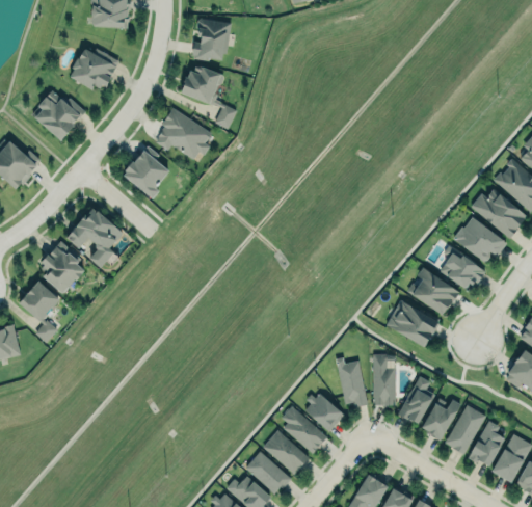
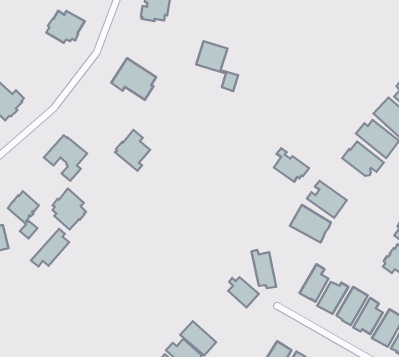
building: [183,65,237,130] -> [196,41,238,91]
building: [31,90,86,140] -> none
building: [124,145,169,198] -> [115,130,150,171]
building: [42,241,85,294] -> [53,189,86,229]
building: [440,246,485,290] -> [274,148,309,182]
building: none -> [31,229,69,266]
building: [373,354,396,405] -> none
building: [282,406,327,454] -> none
building: [261,429,310,476] -> none

